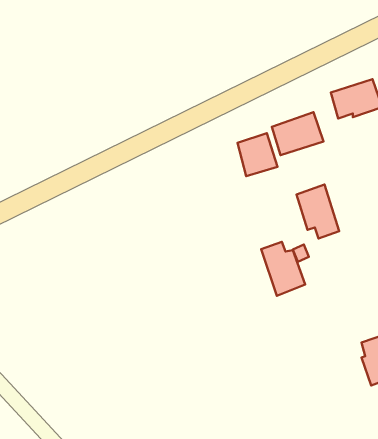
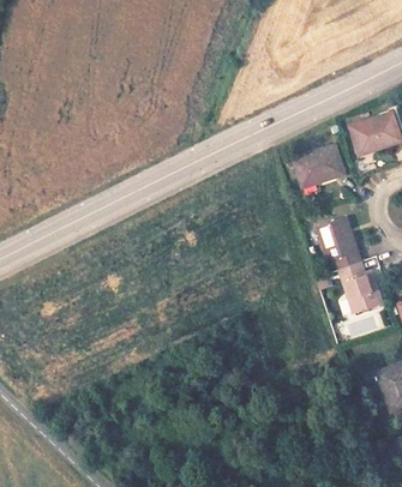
building: [237,133,277,176] -> none
building: [261,242,305,296] -> [340,260,383,313]

